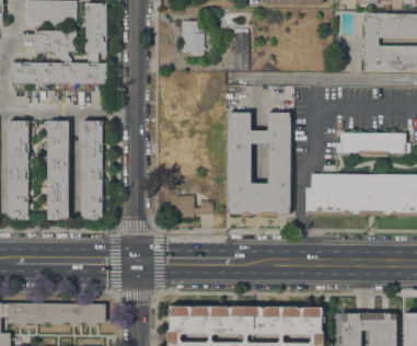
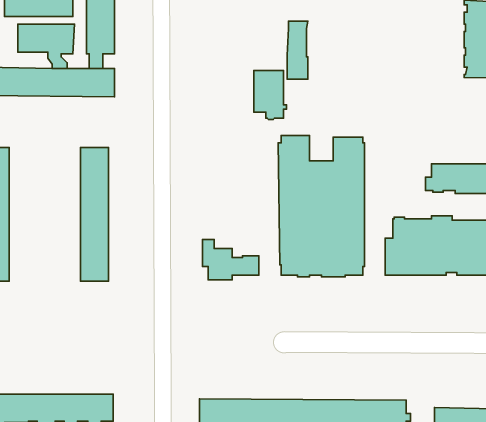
building: [181,21,205,57] -> [254,71,287,120]
building: [47,120,68,219] -> none

